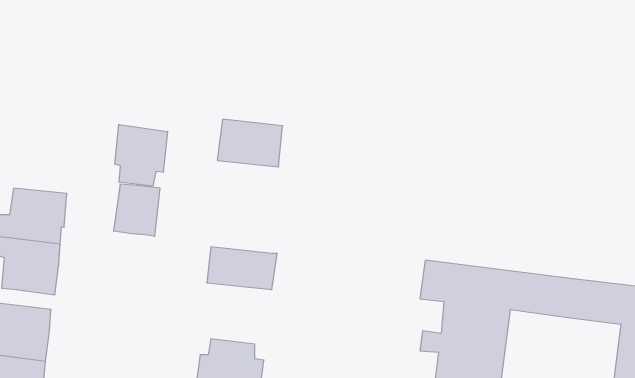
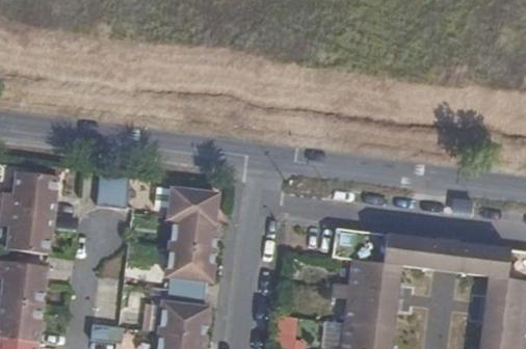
building: [217,119,283,167] -> [168,184,219,221]
building: [115,124,168,186] -> none
building: none -> [161,244,216,292]

